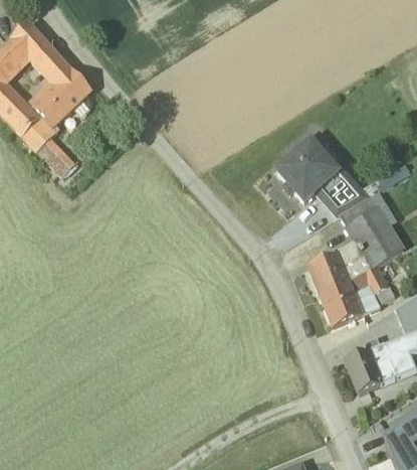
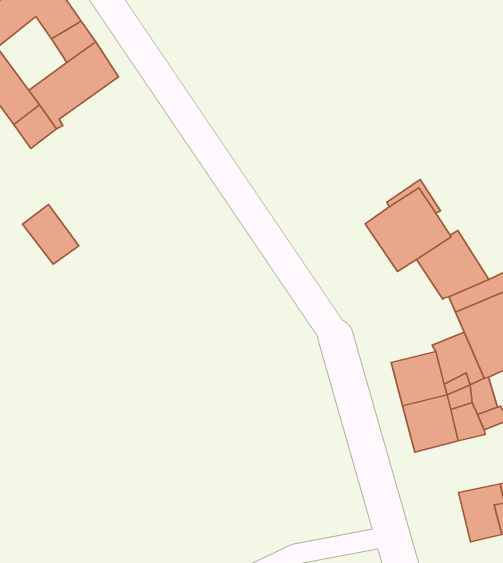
building: [36,133,77,174] -> [23,204,79,264]
building: [346,349,380,391] -> none

